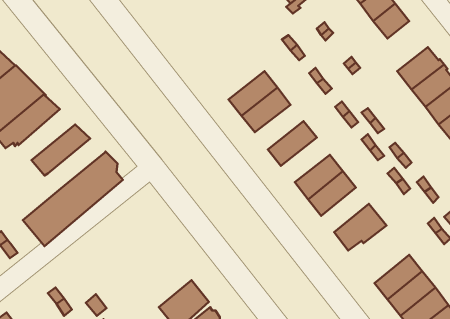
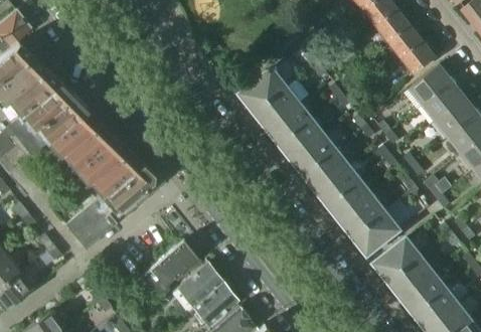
building: none -> [402,40,435,72]
building: none -> [242,67,288,113]
building: none -> [279,118,324,159]
building: none -> [60,122,113,169]
building: none -> [303,148,348,189]
building: none -> [88,149,140,195]
building: none -> [340,194,384,235]
building: none -> [375,237,422,283]
building: none -> [136,239,196,299]
building: none -> [176,262,220,305]

